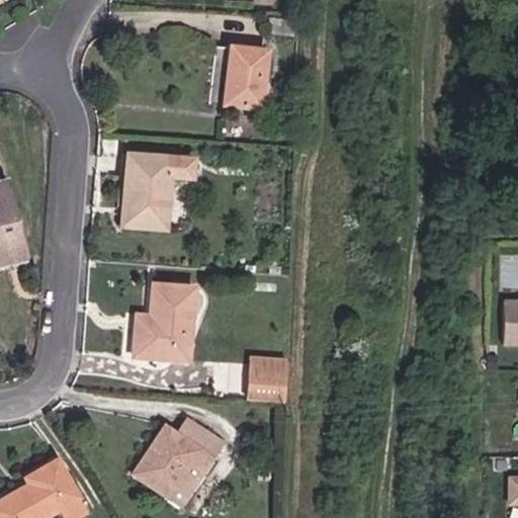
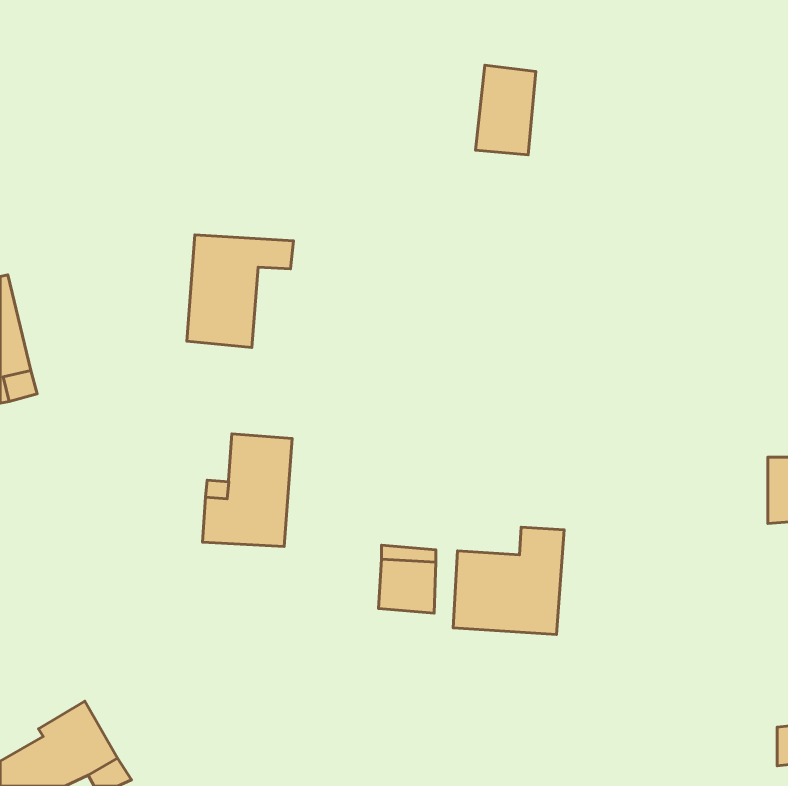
building: [227,47,266,105] -> [476,65,536,155]
building: none -> [453,527,564,634]
building: [133,418,222,504] -> none

